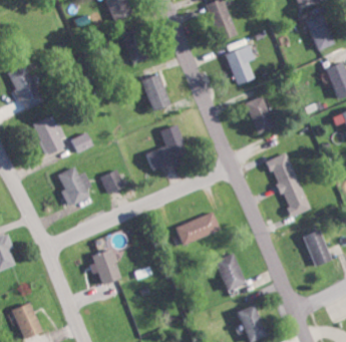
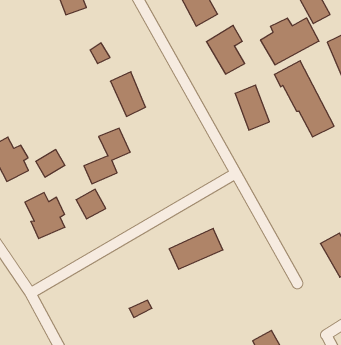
building: none -> [261,18,319,65]
building: [144,124,185,168] -> [84,128,130,184]
building: [266,151,311,217] -> [274,61,334,137]
building: [91,249,119,284] -> none
building: [214,253,243,290] -> none

